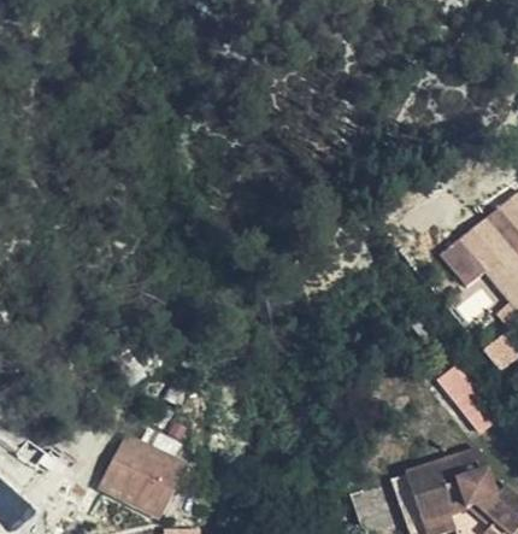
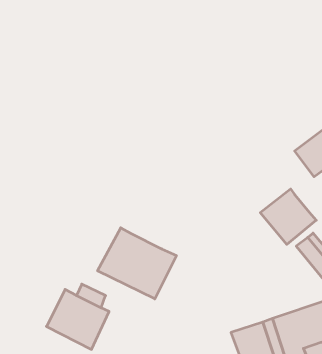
building: none -> [260,189,316,244]
building: none -> [98,228,176,299]

